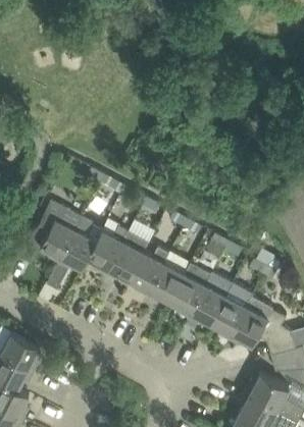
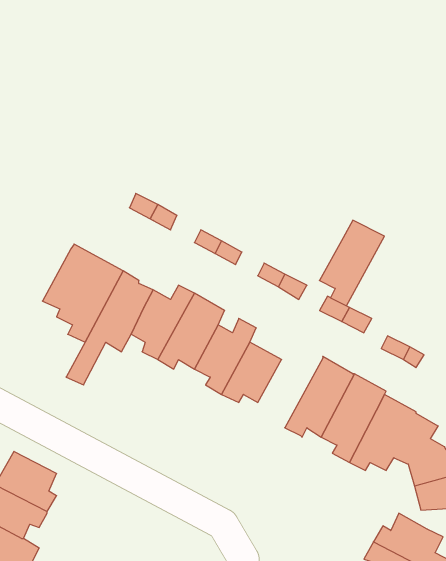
building: [169,262,211,317] -> [319,220,384,306]

